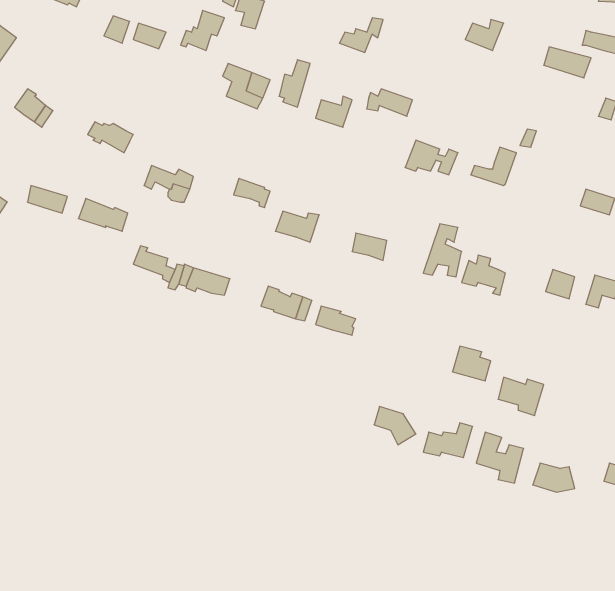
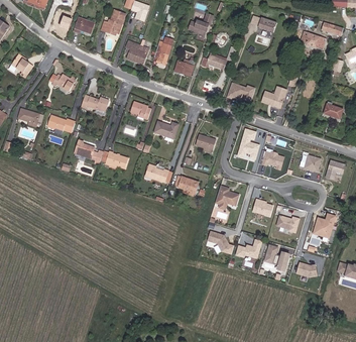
building: none -> [214,186,240,209]
building: none -> [312,213,336,238]

